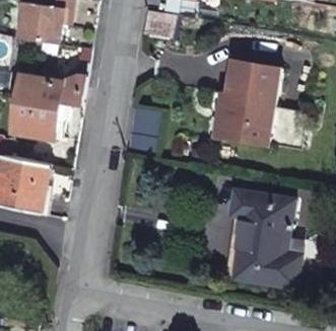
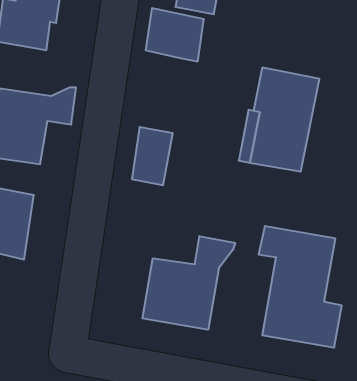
building: none -> [143,236,235,330]

